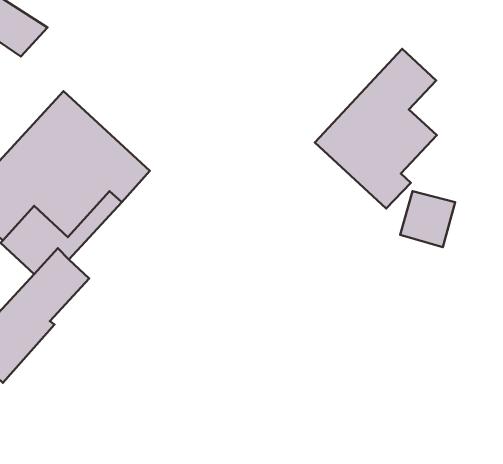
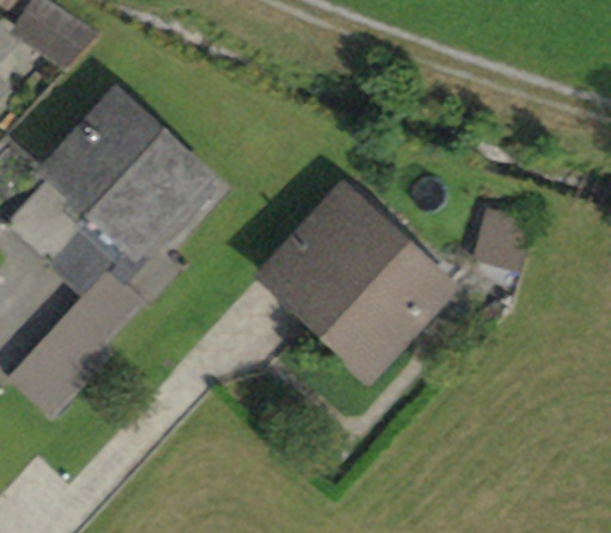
building: [315,49,437,209] -> none
building: none -> [266,188,446,366]

